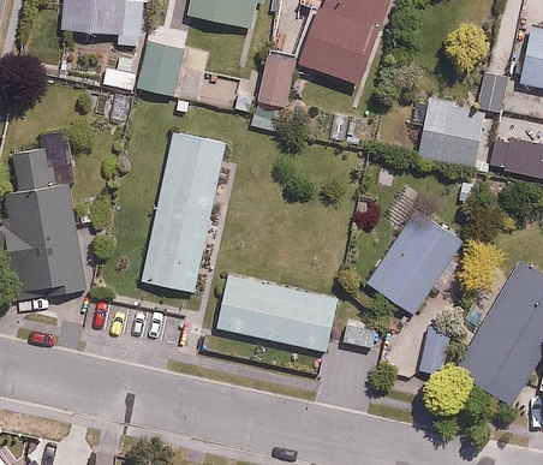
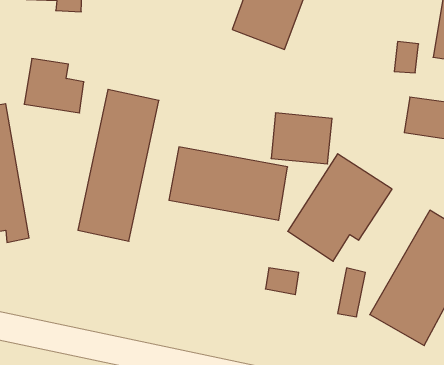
building: [136,40,201,99] -> [24,59,84,113]
building: [259,49,303,106] -> none
building: [420,106,487,161] -> [271,113,332,164]
building: [213,273,341,352] -> [169,147,288,220]

